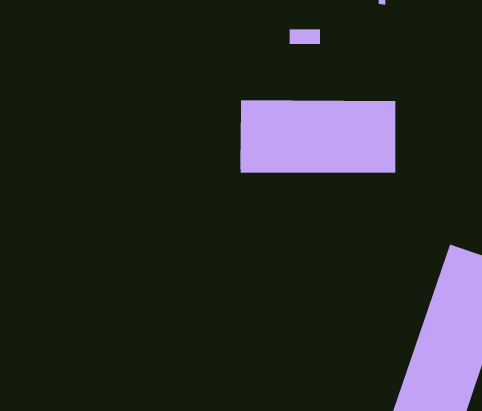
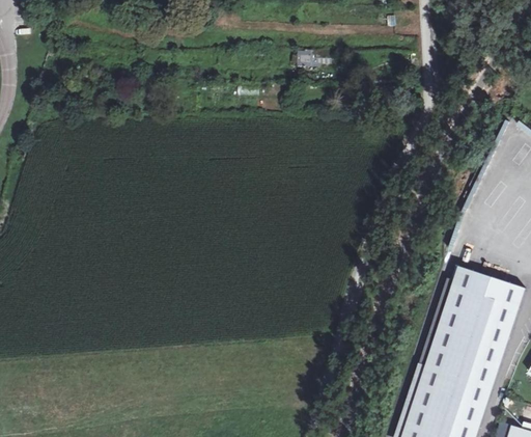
building: [240,100,396,173] -> none

